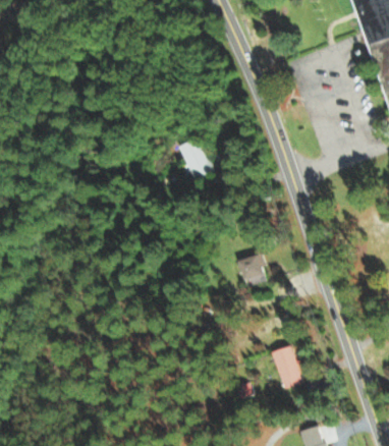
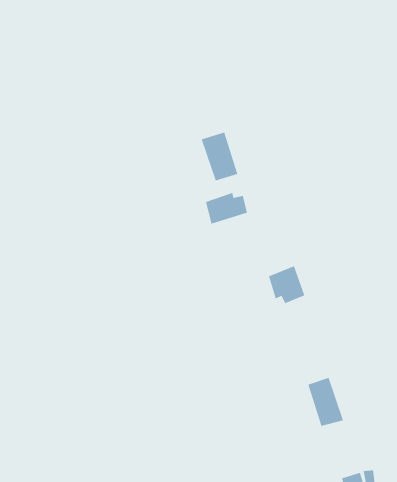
building: none -> [206,192,248,225]

